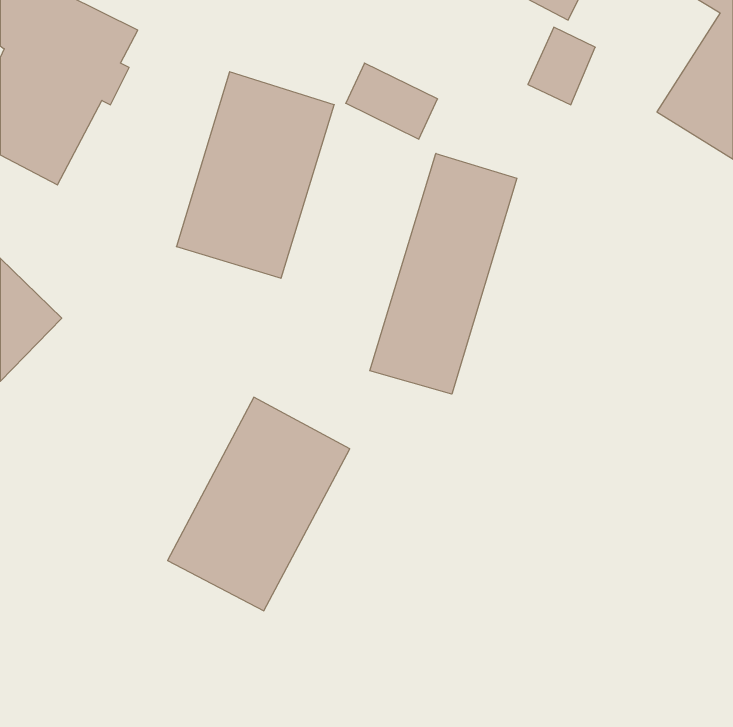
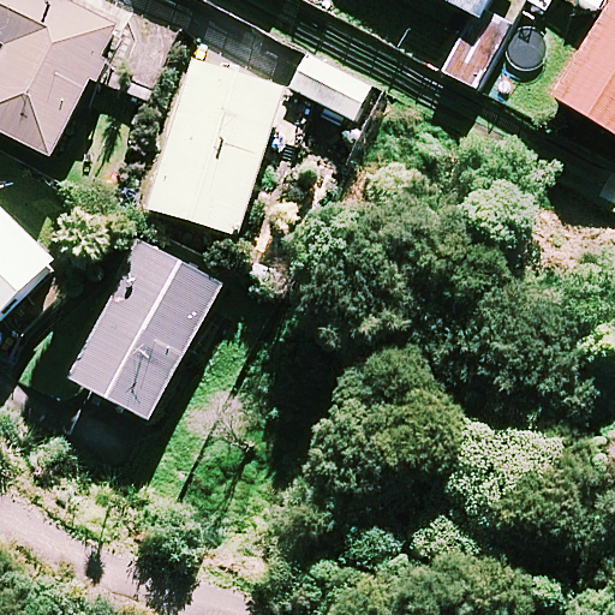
building: [370,153,517,394] -> none
building: [168,397,350,611] -> [66,239,219,418]

